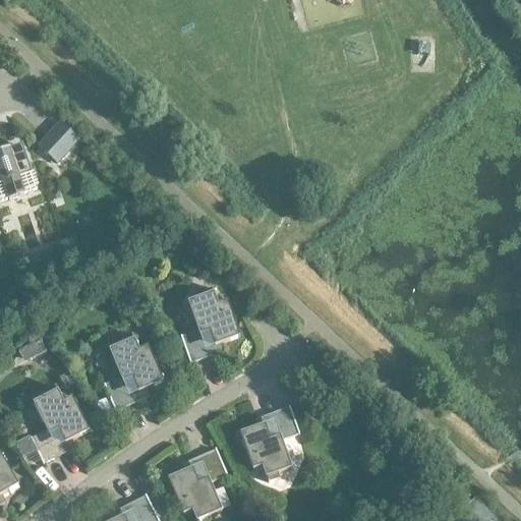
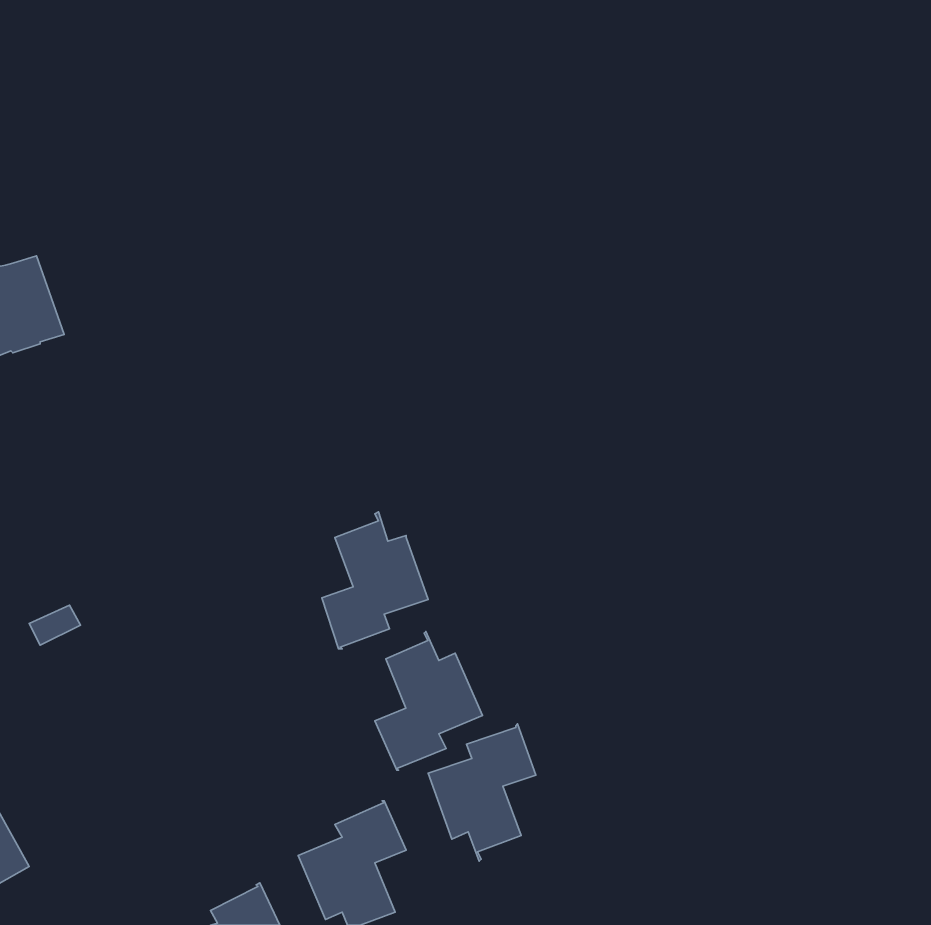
building: [38,116,81,160] -> none
building: [102,332,162,409] -> [375,631,483,770]
building: [28,384,88,462] -> none

